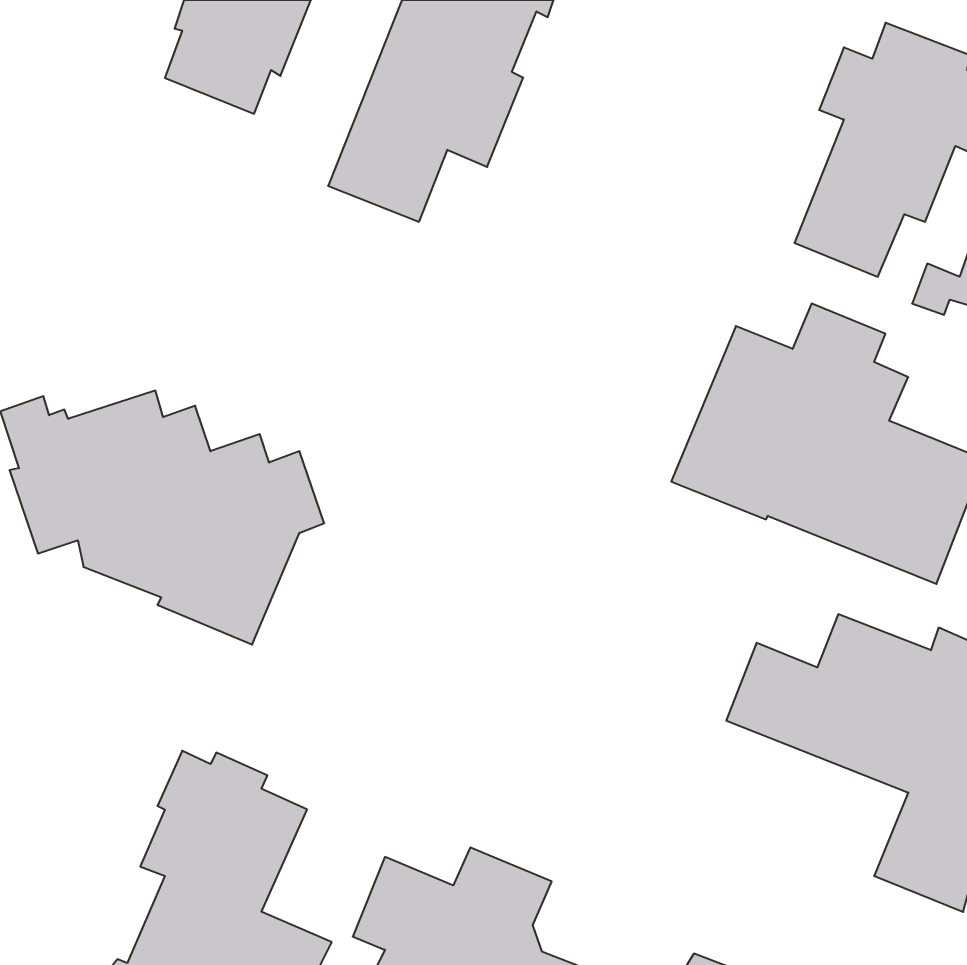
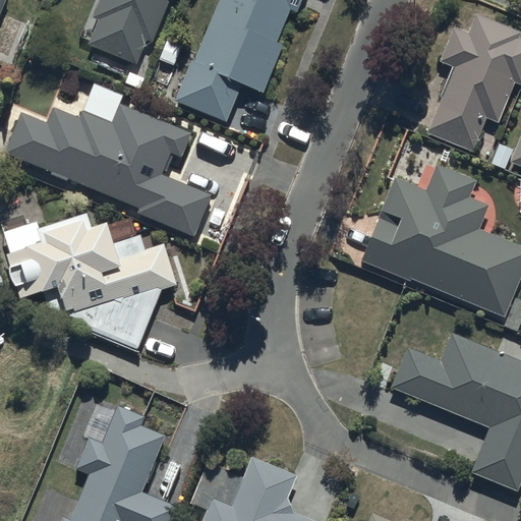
building: none -> [6,83,211,235]

